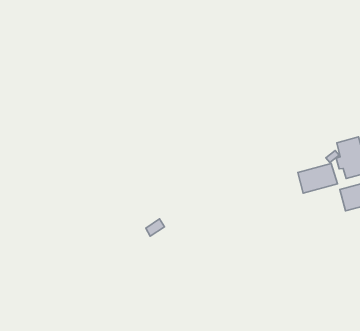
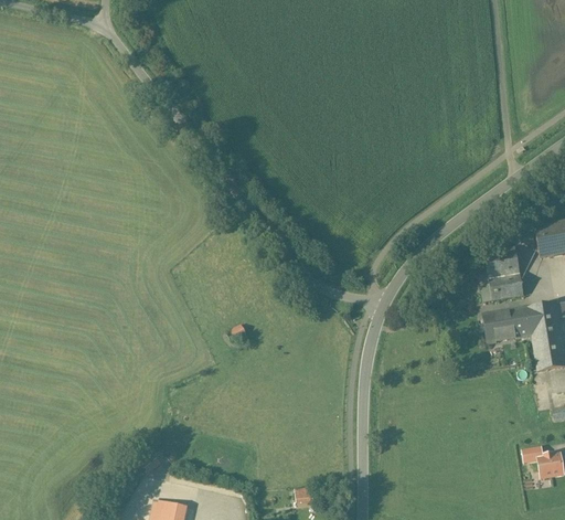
building: [298,164,337,193] -> none

